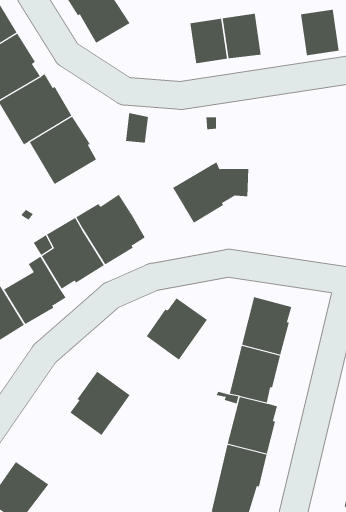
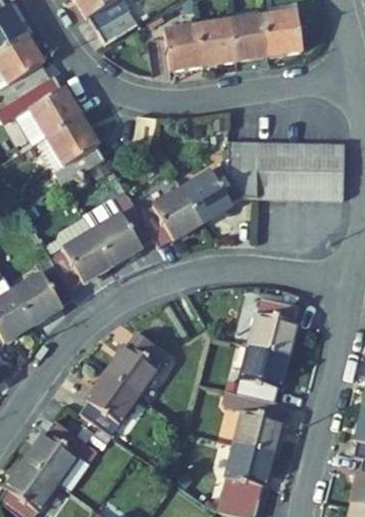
building: [300,9,340,56] -> [263,9,302,56]
building: none -> [164,24,203,70]
building: none -> [227,140,345,199]
building: none -> [140,188,201,246]
building: [146,298,208,361] -> [105,331,167,394]
building: none -> [24,420,98,491]

